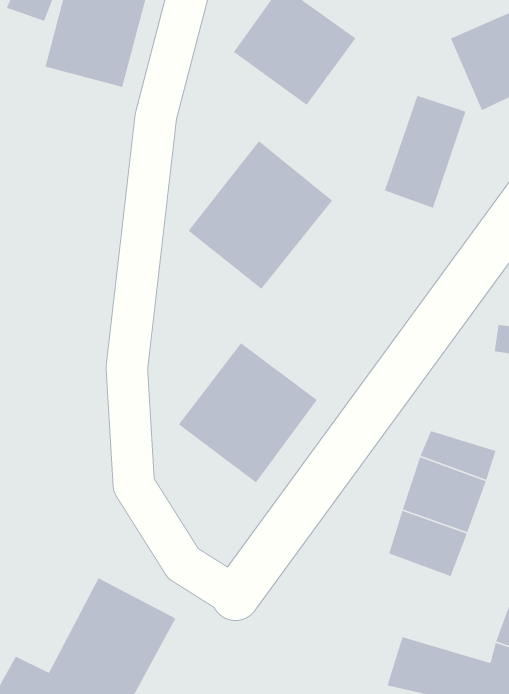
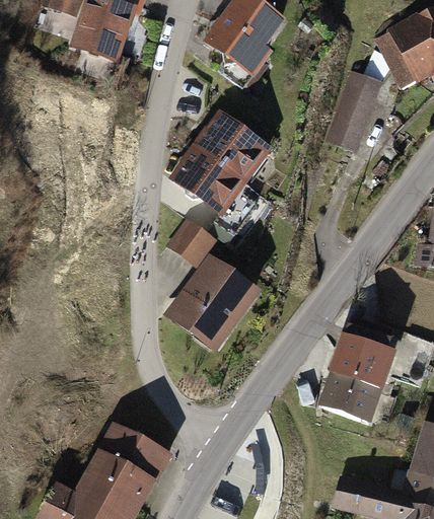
building: none -> [166,204,227,269]

